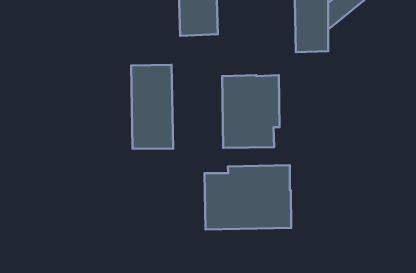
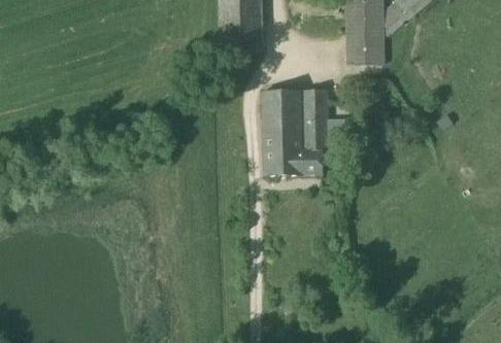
building: [131,65,173,149] -> none
building: [205,165,291,230] -> none

